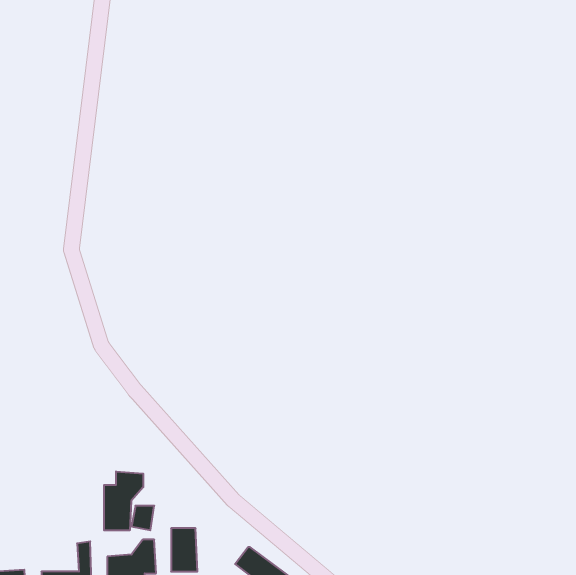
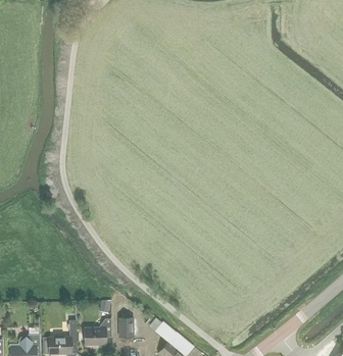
building: [104,471,143,530] -> none

